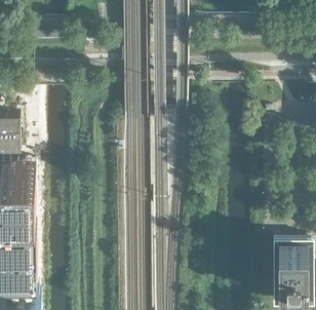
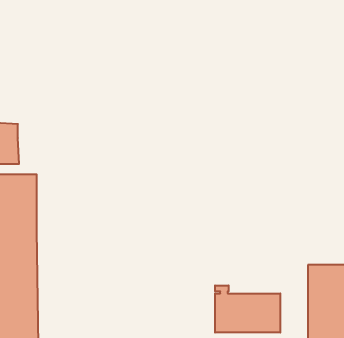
building: none -> [215,285,280,333]

